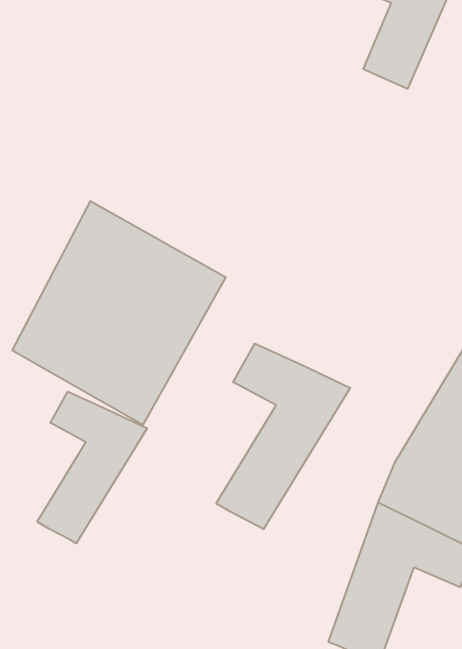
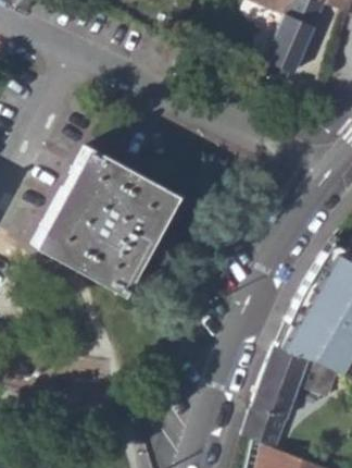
building: [216,344,350,529] -> none
building: [37,392,147,543] -> none

